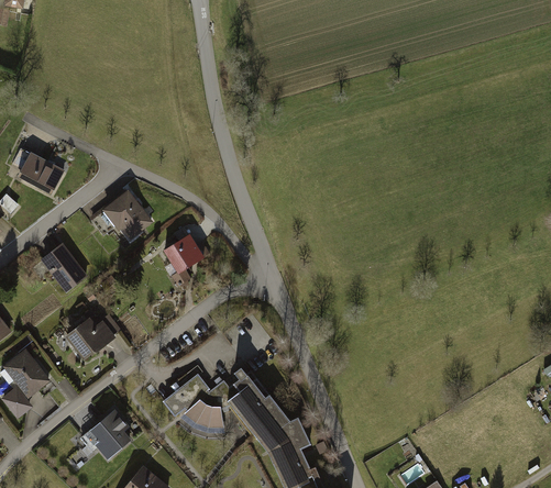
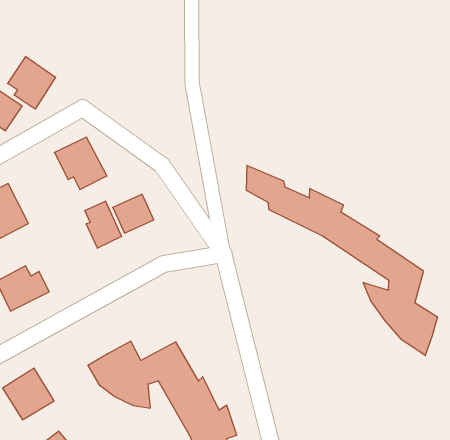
building: none -> [8,57,56,109]
building: none -> [247,165,438,356]
building: none -> [85,201,121,248]

